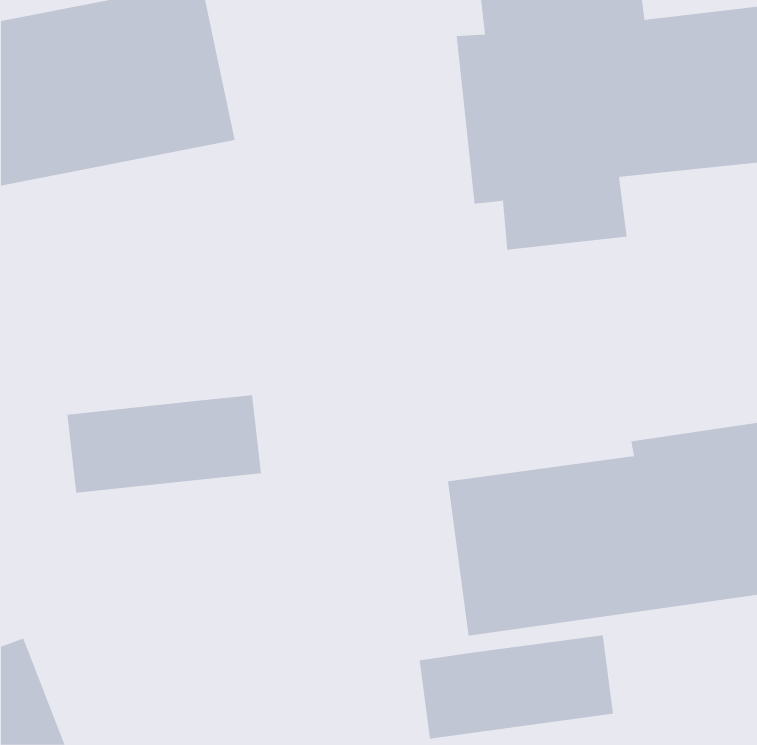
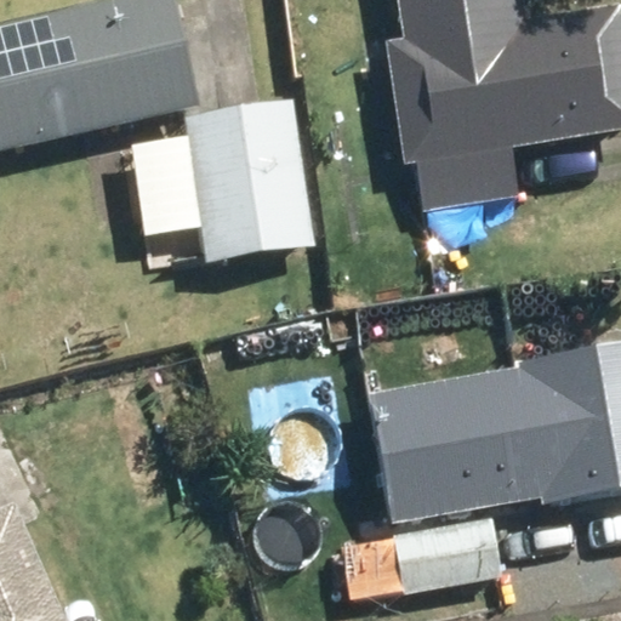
building: none -> [136,107,320,262]
building: [67,394,261,494] -> none

